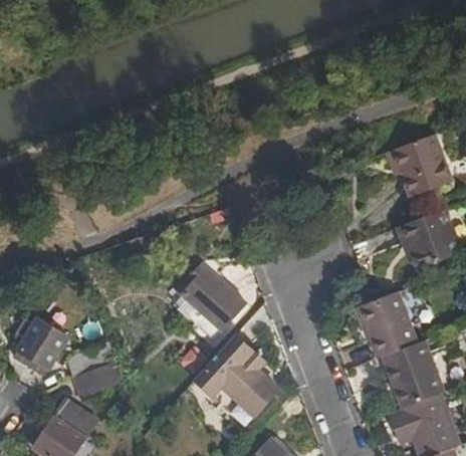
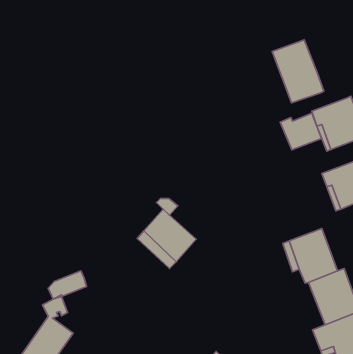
building: none -> [272,40,324,103]
building: none -> [280,113,321,150]
building: [14,319,67,376] -> none
building: [194,333,279,427] -> none

